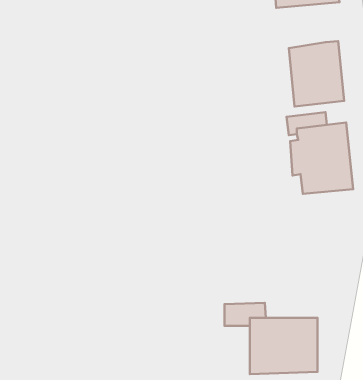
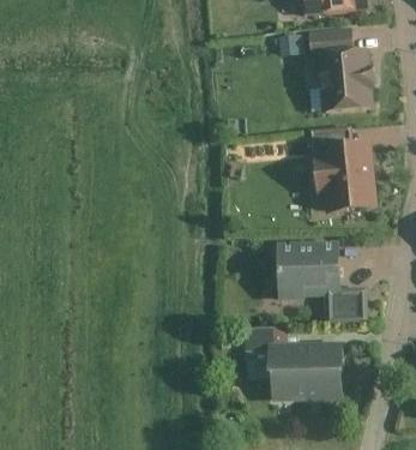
building: none -> [305,30,350,58]
building: none -> [278,239,367,322]

